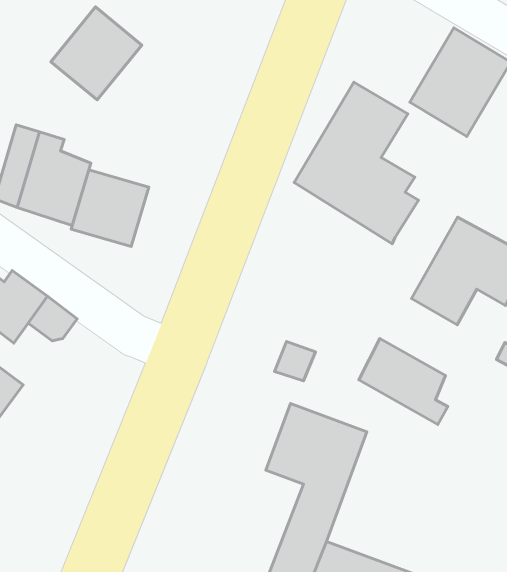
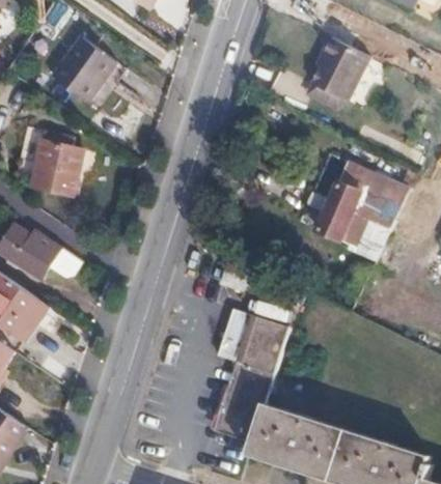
building: [294,82,419,244] -> none
building: [71,170,149,247] -> none
building: [359,338,448,425] -> none

